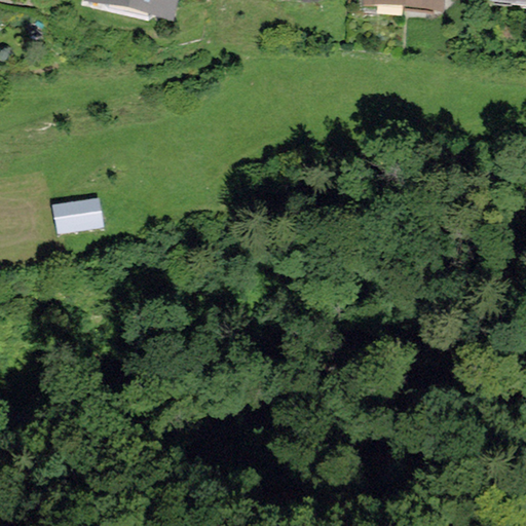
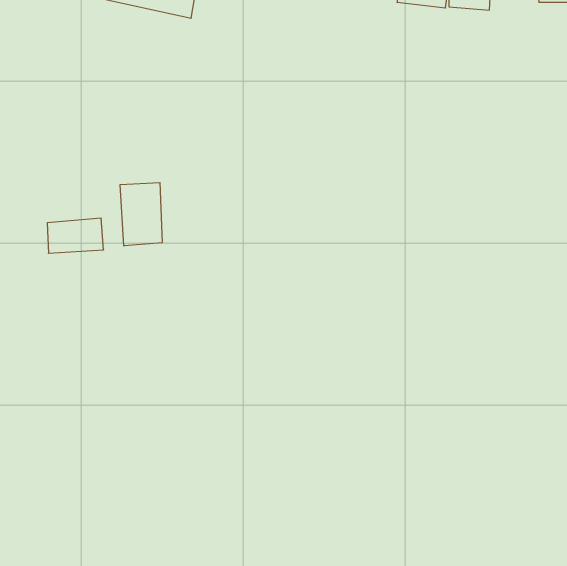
building: none -> [120,183,162,246]

